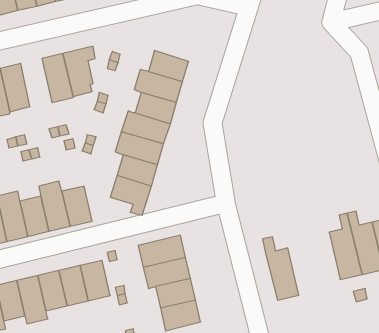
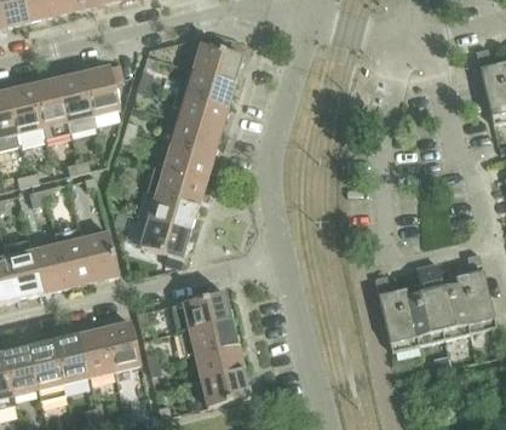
building: none -> [194,40,246,81]
building: none -> [33,78,70,137]
building: [263,237,299,300] -> [374,274,418,350]

